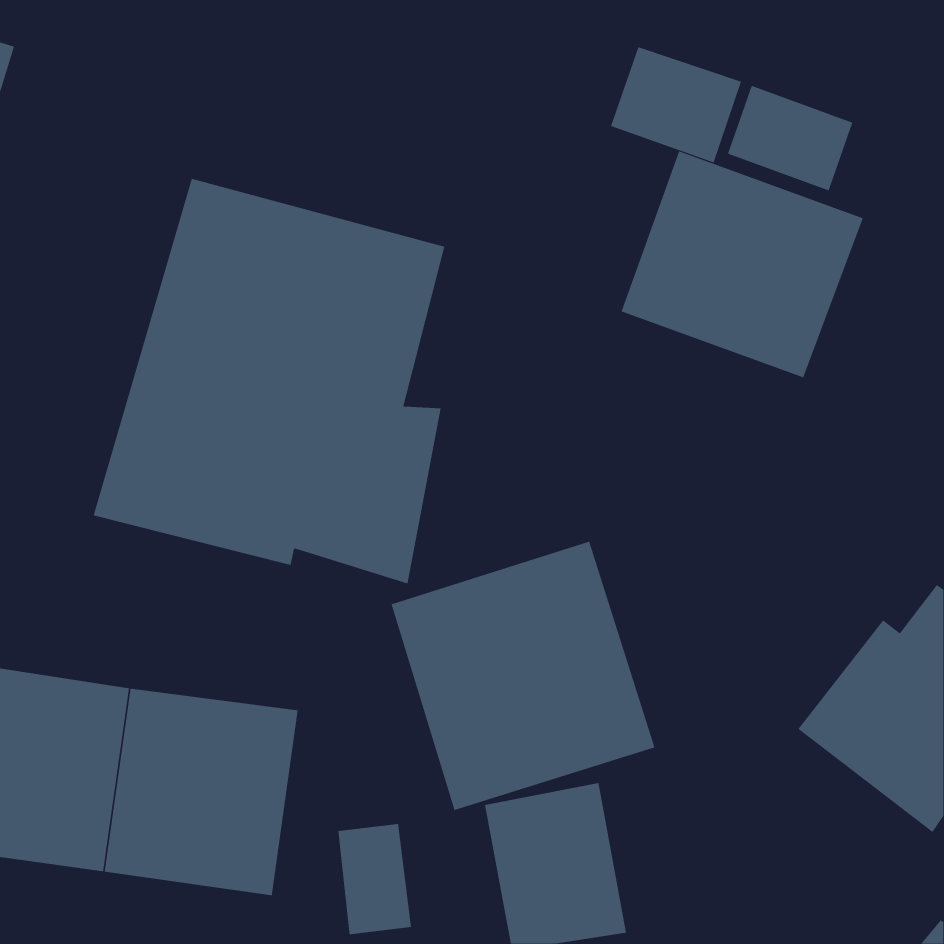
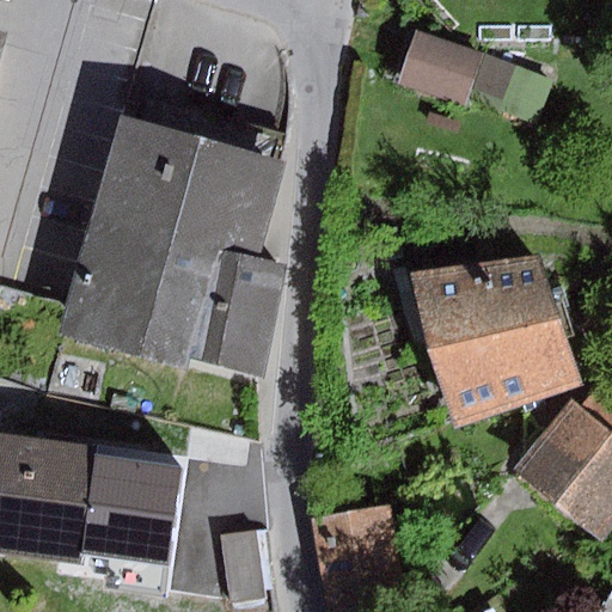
building: [621,151,863,378] -> none
building: none -> [405,256,581,424]
building: [391,541,655,811] -> none

